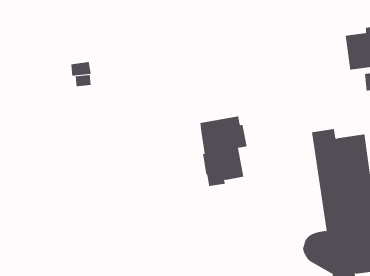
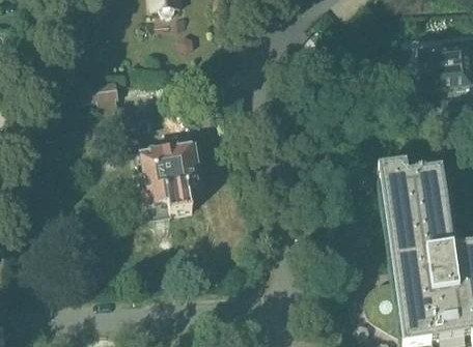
building: [200,116,248,186] -> [141,135,198,219]

